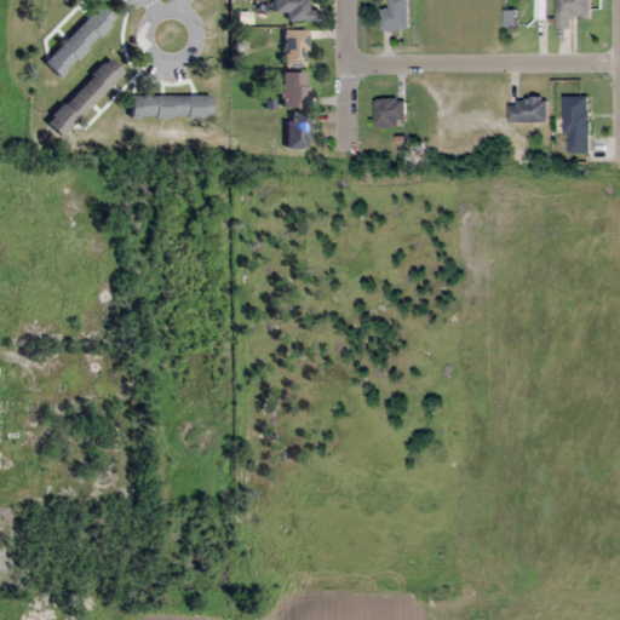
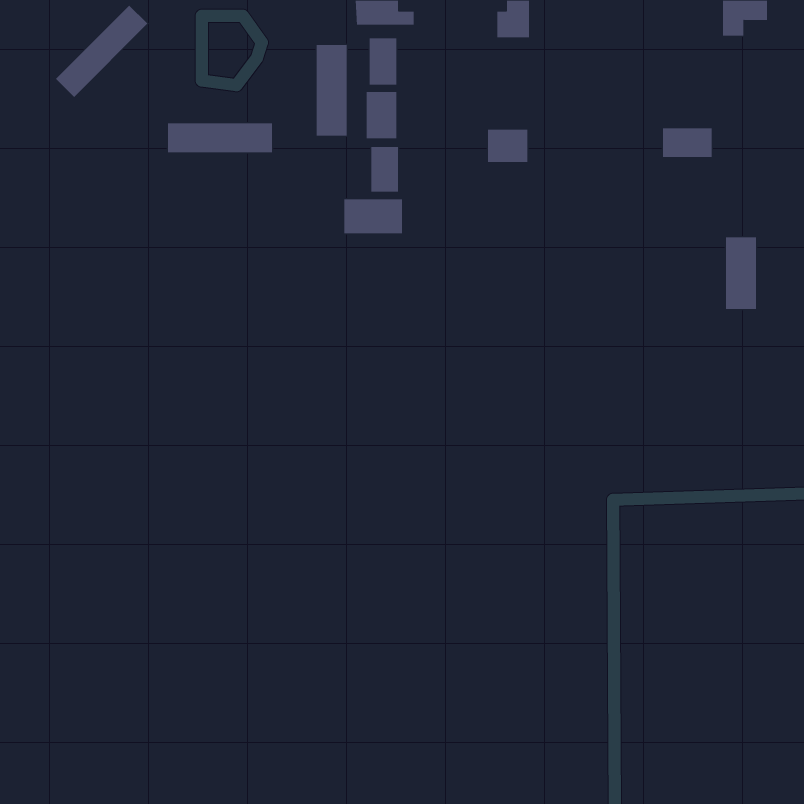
building: none -> [316,44,347,137]
building: [45,58,124,137] -> none
building: [566,97,590,153] -> [725,237,757,309]
building: none -> [344,199,403,234]

